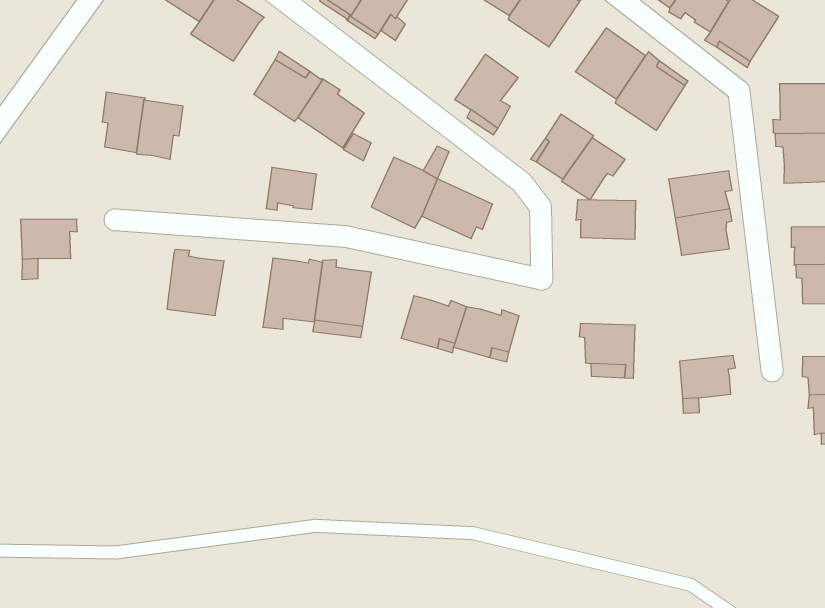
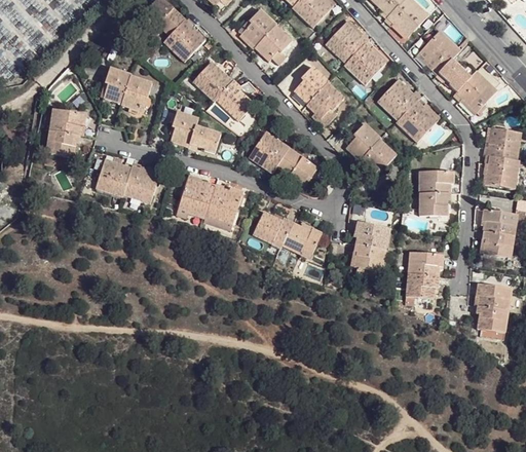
building: none -> [294,66,329,104]
building: none -> [171,111,198,148]
building: none -> [49,109,87,136]
building: [576,200,636,239] -> [354,222,390,250]
building: none -> [96,158,133,196]
building: none -> [408,252,444,276]

